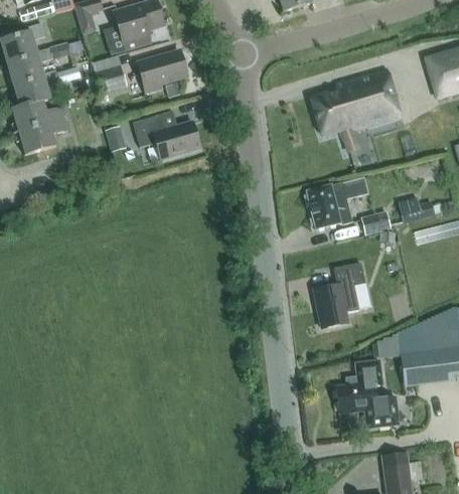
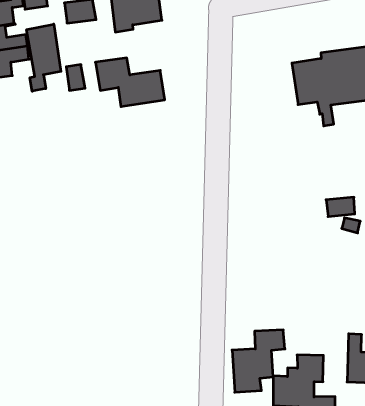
building: none -> [27,24,61,91]
building: [306,177,368,228] -> none
building: [316,264,364,327] -> [232,330,285,392]

